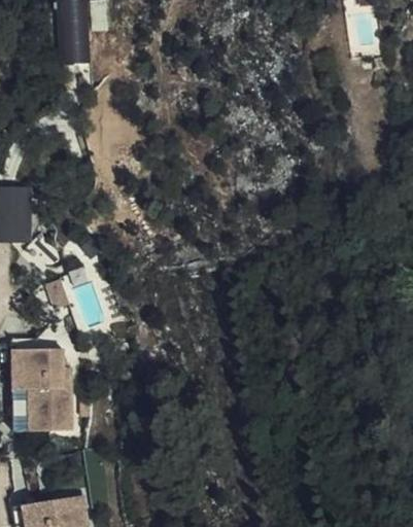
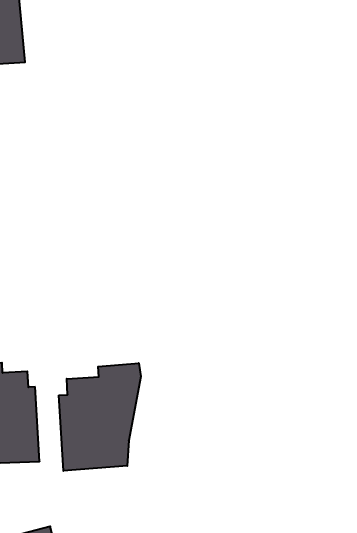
building: none -> [59,363,141,471]

